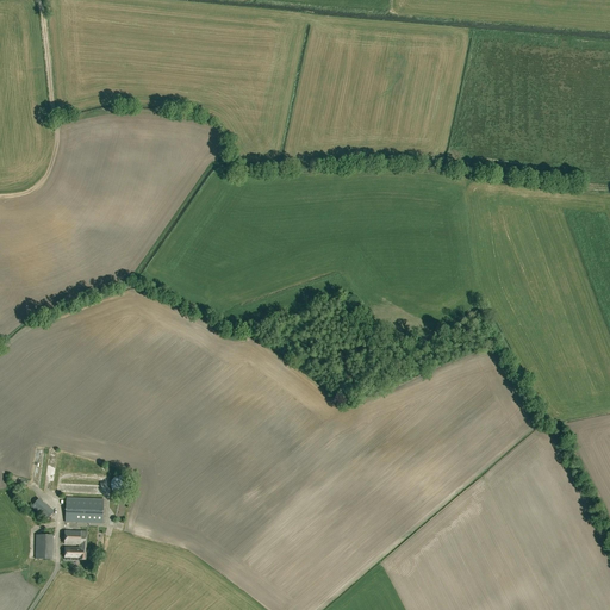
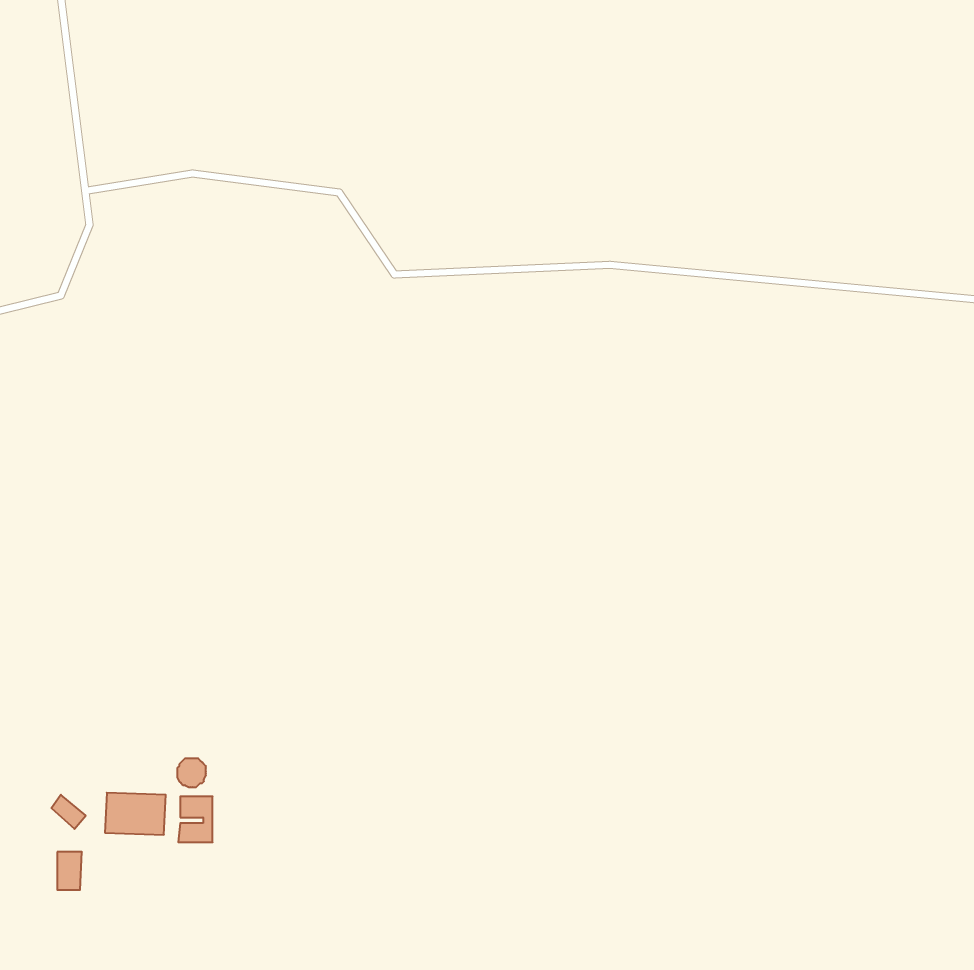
building: [64,529,86,558] -> [178,796,213,842]

